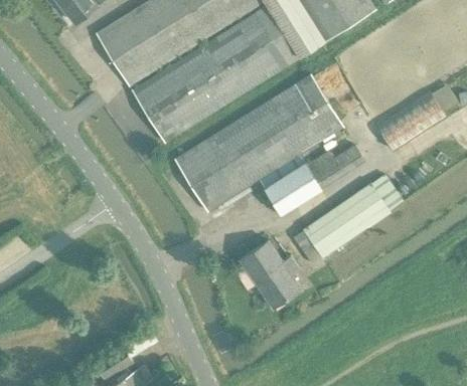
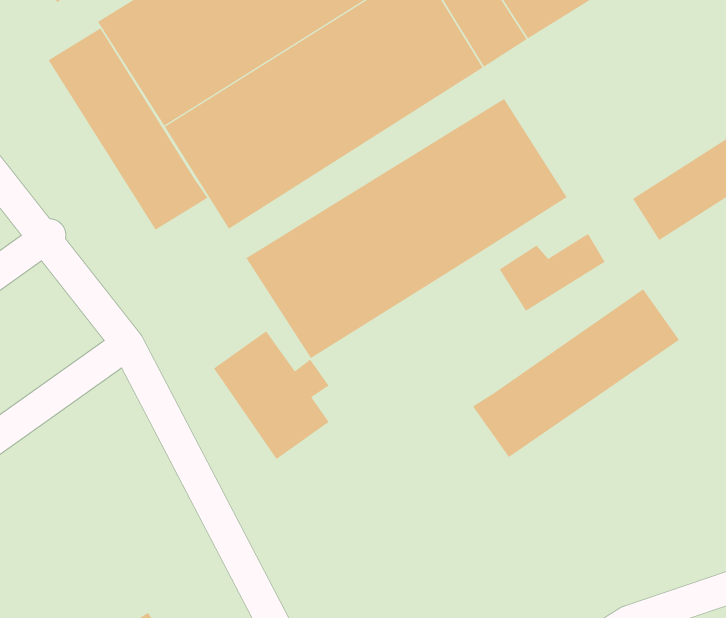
building: none -> [48,27,208,231]
building: [260,154,322,213] -> none
building: [240,239,301,308] -> [213,330,329,460]

